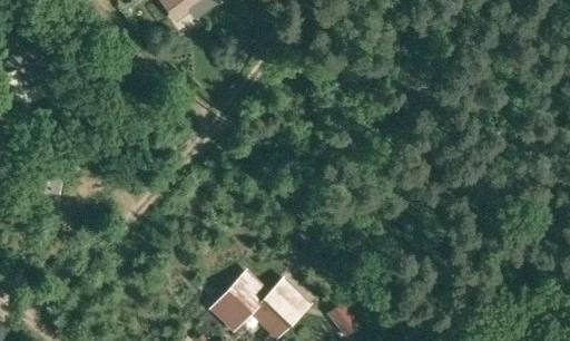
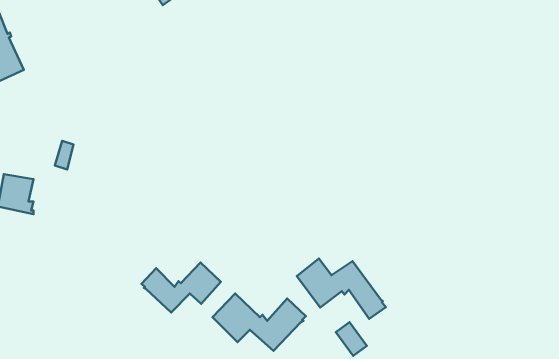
building: none -> [297,259,386,319]
building: none -> [141,262,221,312]

